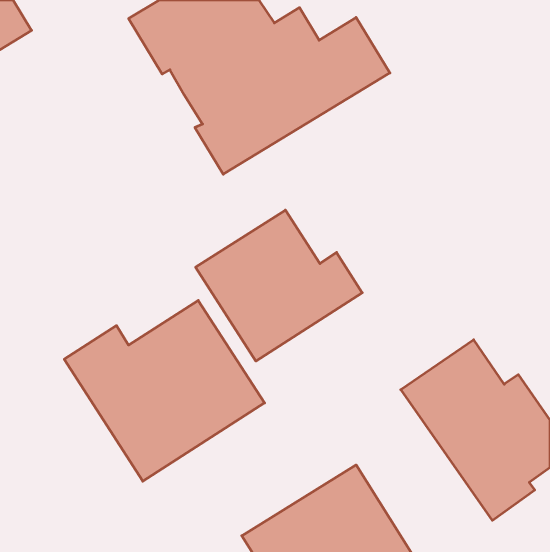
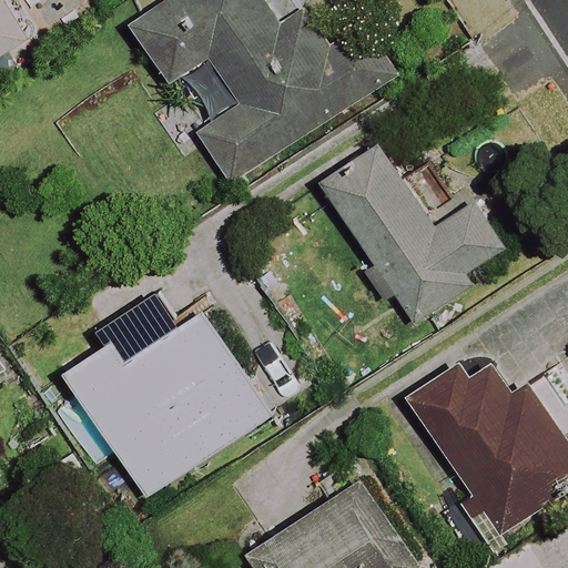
building: none -> [321,145,501,324]
building: [196,210,362,361] -> none

